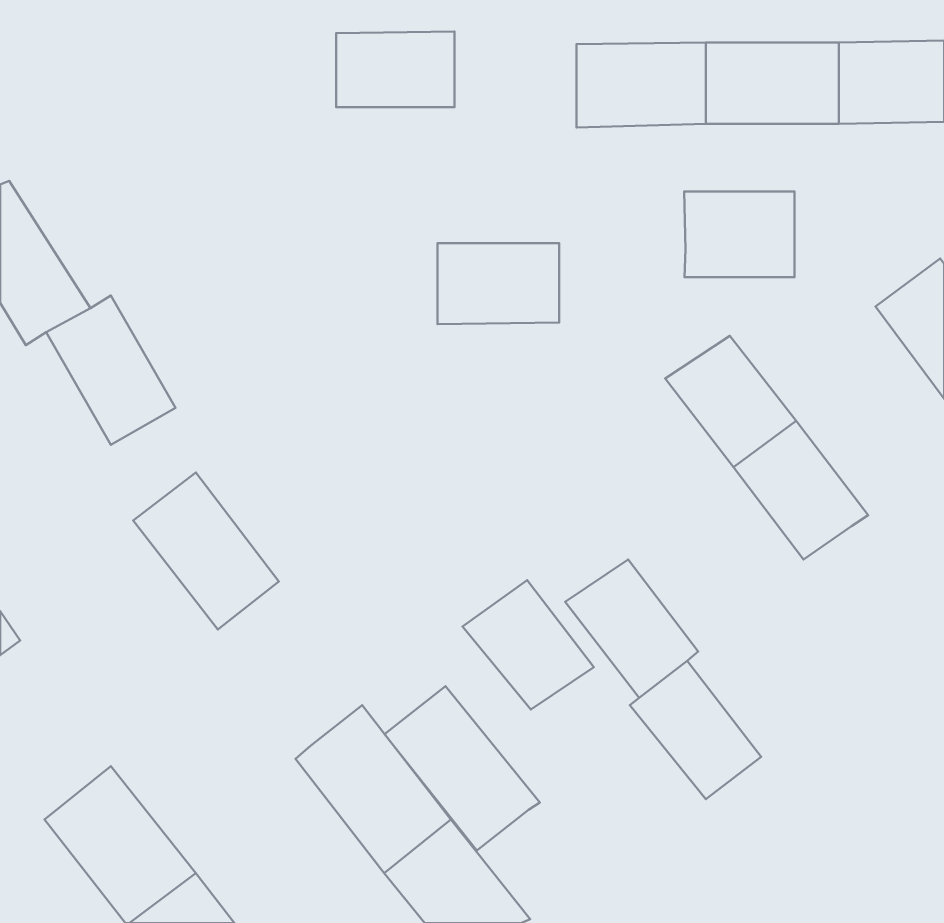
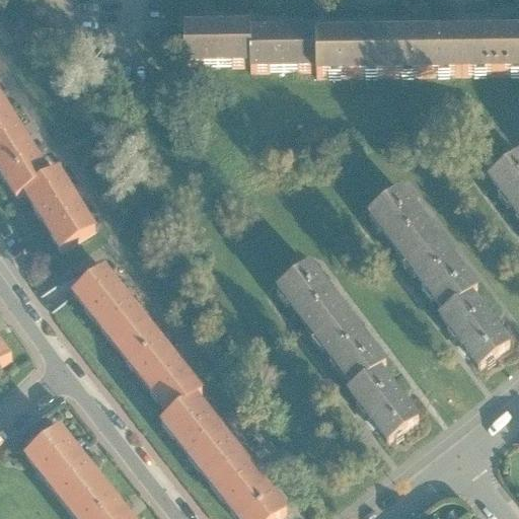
building: [684,191,794,277] -> none
building: [437,243,559,324] -> [249,20,316,65]
building: none -> [435,289,509,364]
building: [463,580,594,709] -> [273,260,345,330]
building: [385,686,540,850] -> [120,319,205,410]

